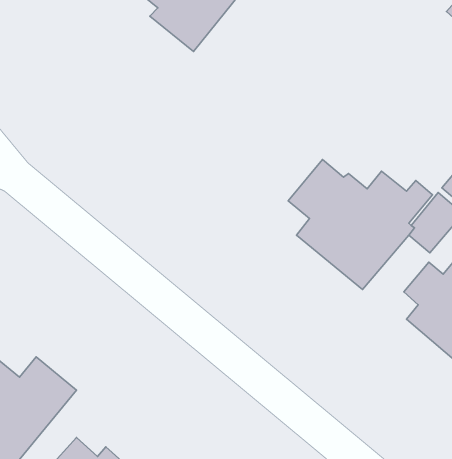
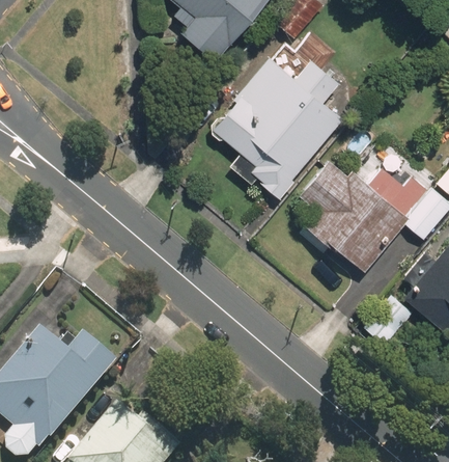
building: none -> [211,56,343,202]

